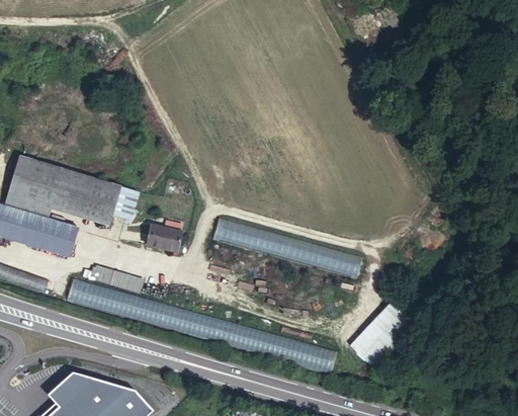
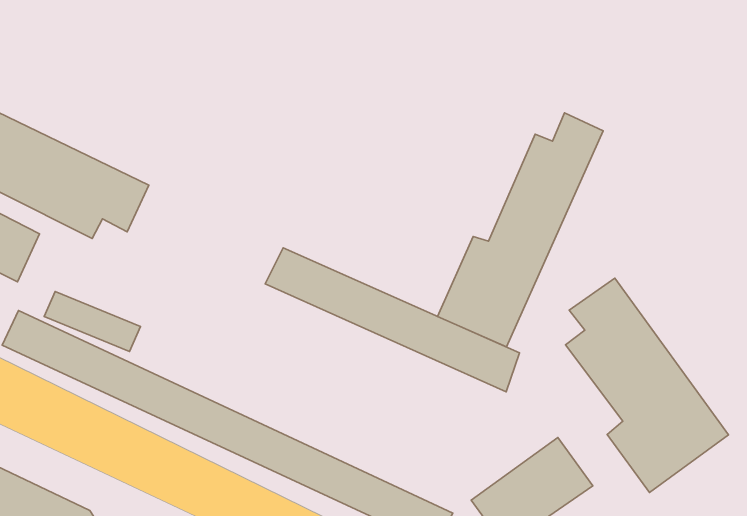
building: none -> [437,113,603,347]
building: none -> [566,278,729,493]
building: [145,226,179,254] -> none

